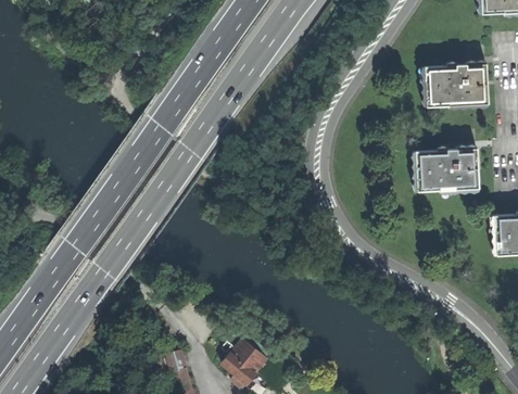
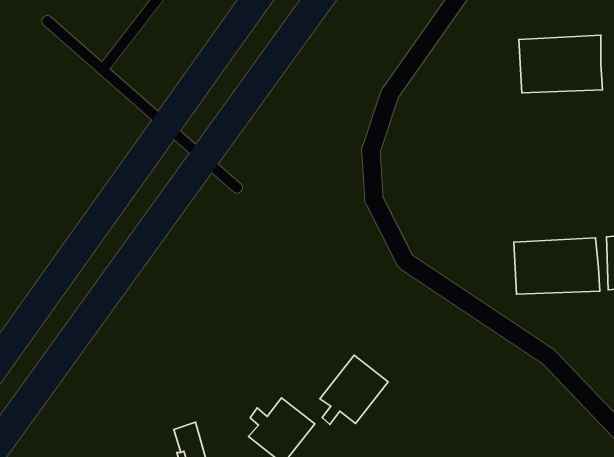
building: [412,148,477,190] -> [514,238,600,294]
building: none -> [320,355,388,424]

